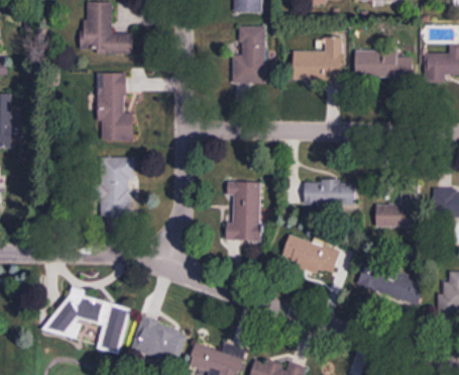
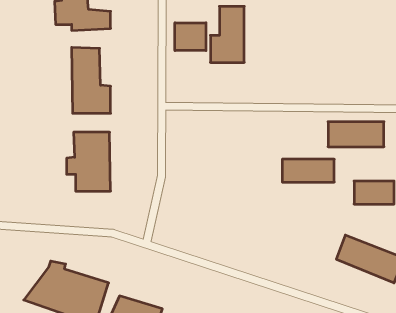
building: [296,39,344,83] -> none
building: none -> [175,23,206,51]
building: [358,54,415,79] -> [328,122,384,147]
building: [222,176,263,241] -> none
building: [283,237,343,278] -> none

